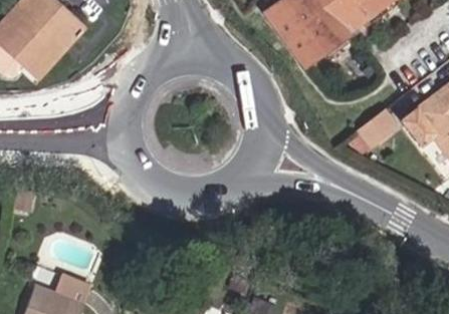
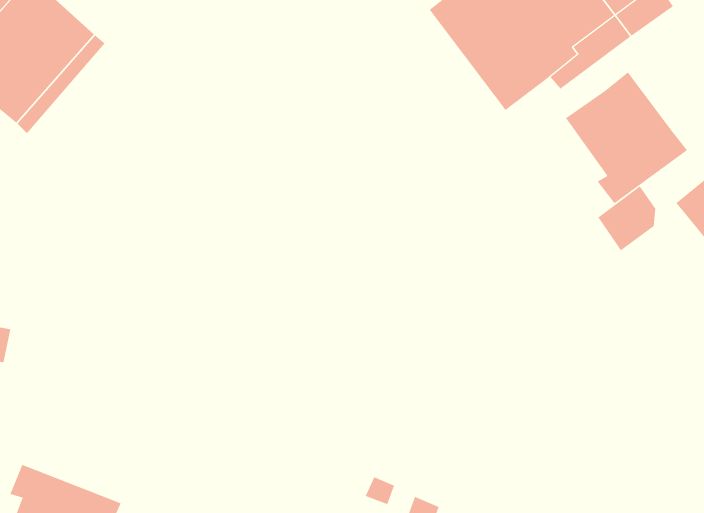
building: none -> [565,72,688,204]

